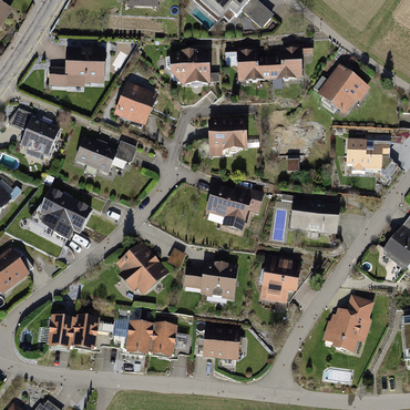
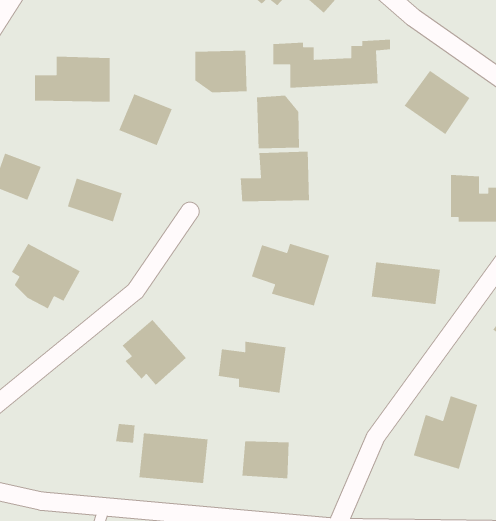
building: none -> [256,95,300,149]
building: [260,256,298,299] -> none
building: [52,318,101,353] -> none

